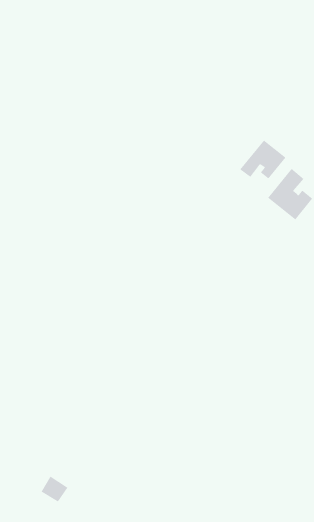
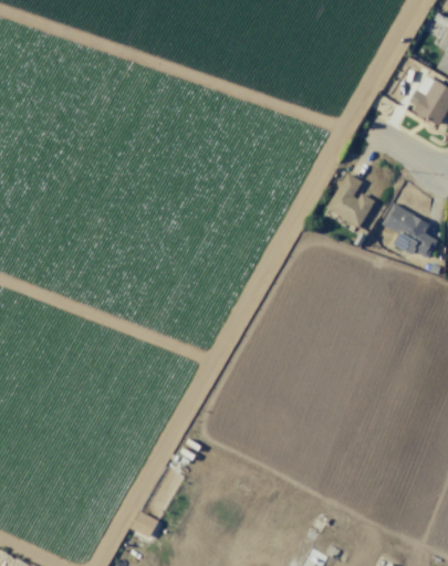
building: [239,139,286,180] -> none

